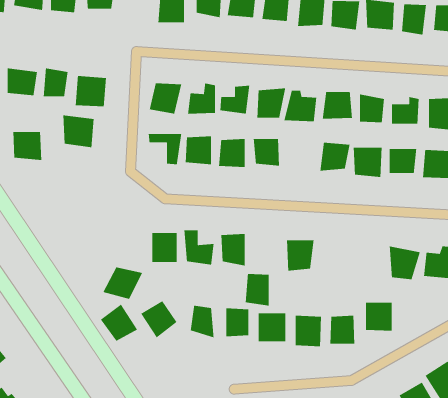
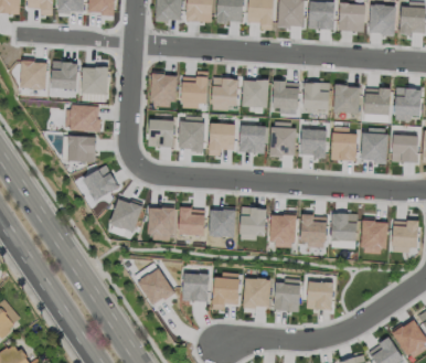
building: [12,131,42,161] -> [67,136,94,162]
building: none -> [270,127,295,152]
building: none -> [83,166,116,196]
building: none -> [299,213,322,246]
building: [102,266,143,300] -> [105,201,141,231]
building: [245,273,269,306] -> [241,207,263,237]
building: [365,302,392,332] -> [330,214,354,241]
building: [100,304,138,342] -> none

